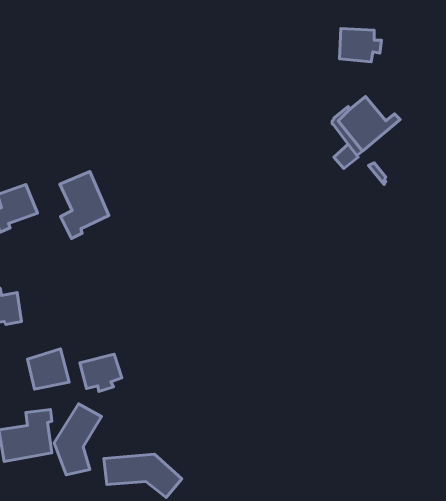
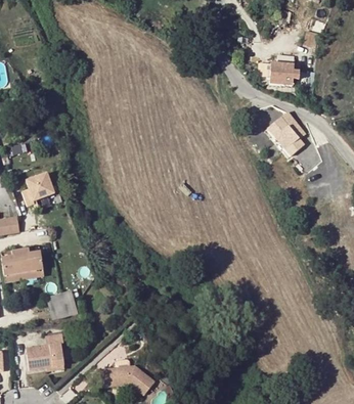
building: [60,171,109,238] -> none
building: [80,354,122,391] -> none
building: [54,404,102,475] -> none

